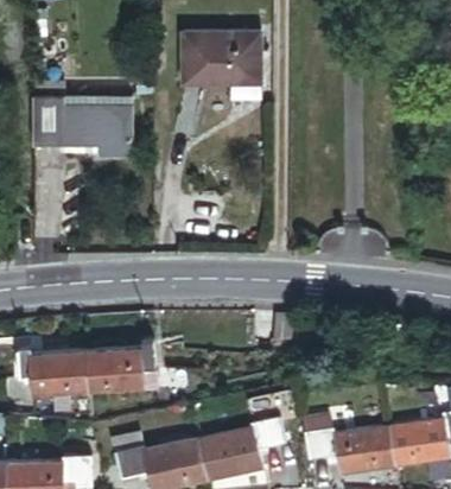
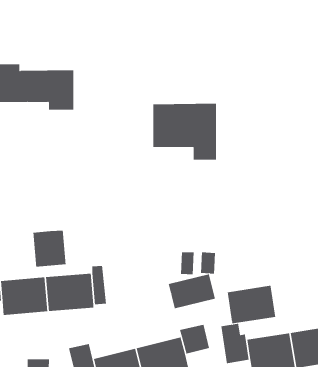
building: [182,30,261,100] -> [152,103,217,160]
building: none -> [33,230,66,267]
building: none -> [168,274,215,309]
building: none -> [227,285,276,324]

